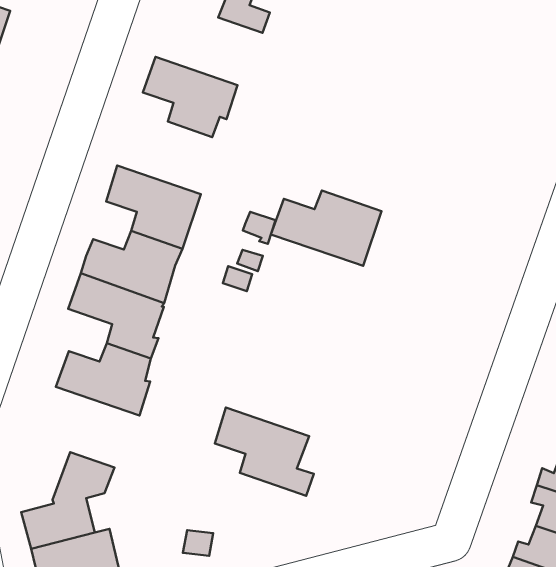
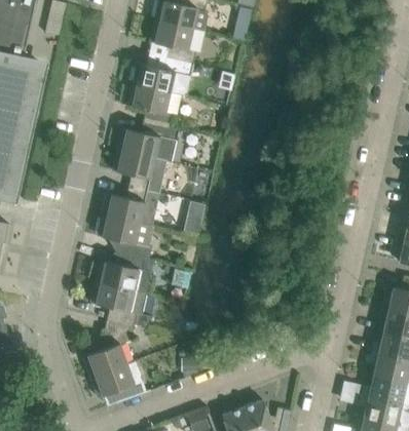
building: none -> [128,58,192,97]
building: [271,190,381,266] -> [116,122,179,163]
building: [215,408,314,496] -> [90,283,150,329]

